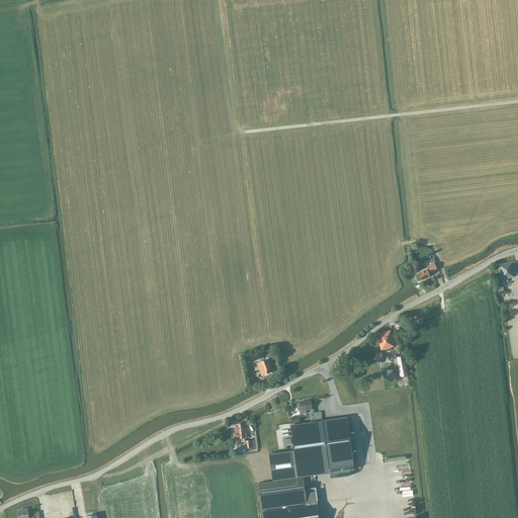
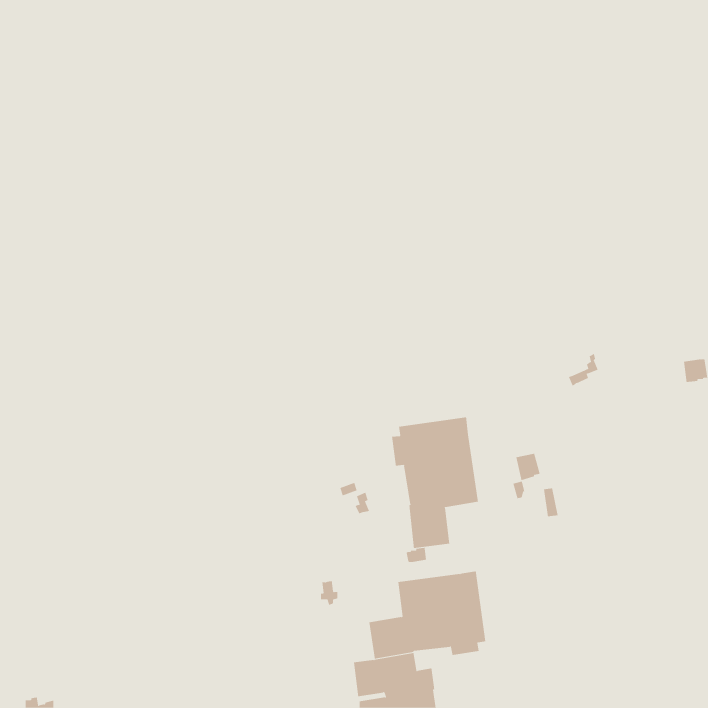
building: none -> [392,417,478,549]

